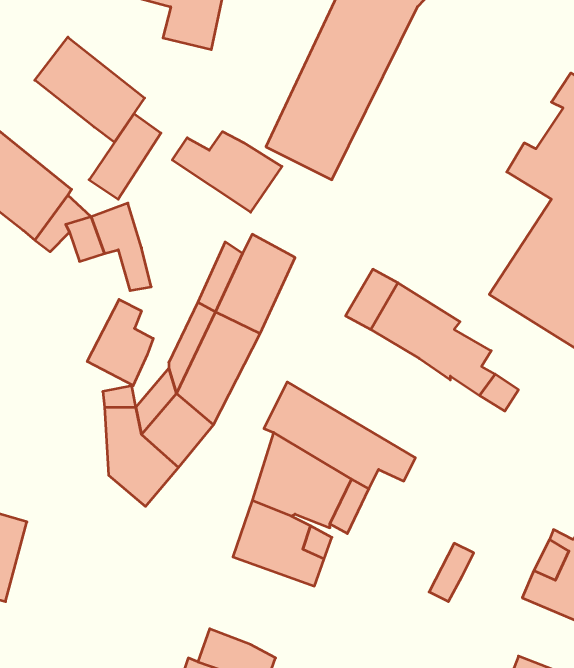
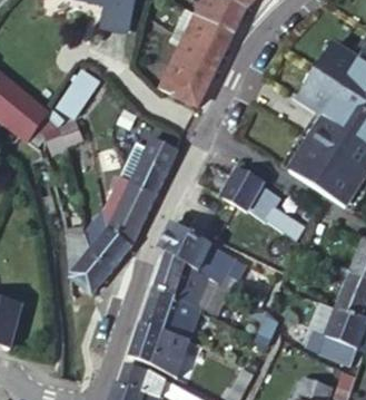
building: [35,37,145,142] -> none
building: [172,132,282,212] -> none
building: [87,299,153,386] -> none
building: none -> [128,322,187,378]

